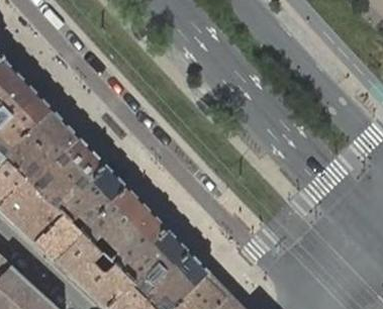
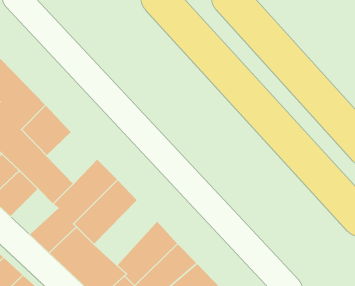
building: [55,138,106,191] -> none
building: [17,197,66,243] -> none
building: [103,208,168,275] -> none

